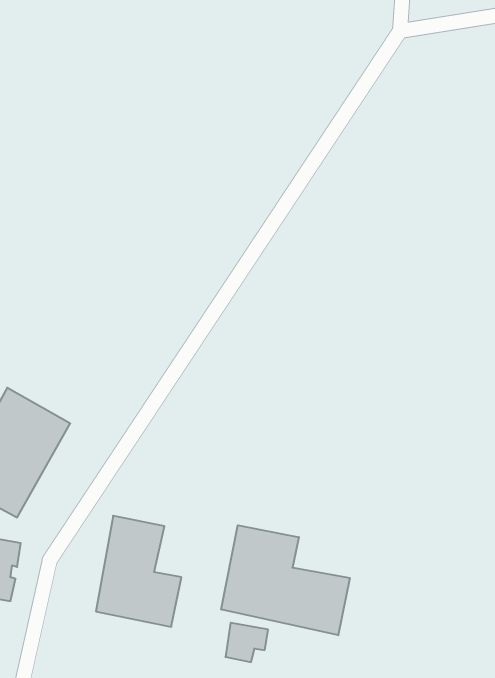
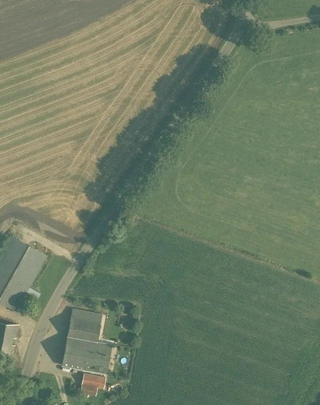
building: [221,525,350,635] -> none
building: [225,623,268,662] -> [80,372,105,395]

